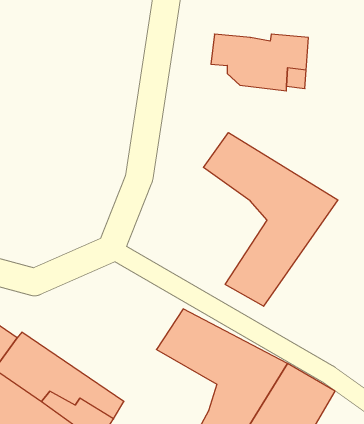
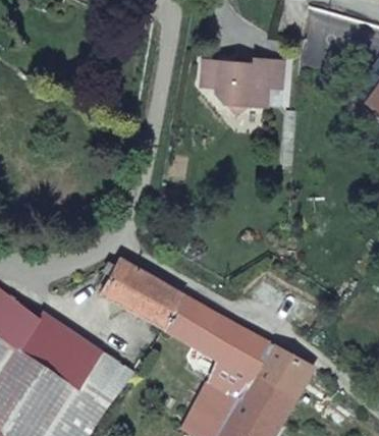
building: [203,133,338,306] -> none
building: none -> [100,261,182,329]

